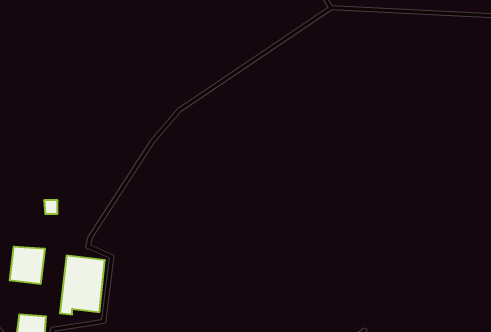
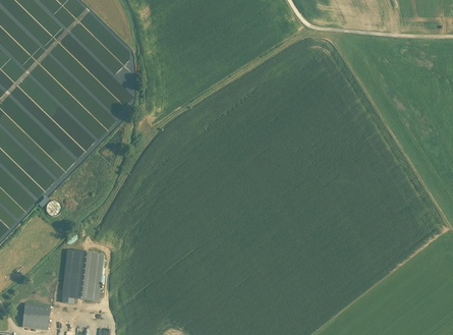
building: [10,246,45,284] -> none

